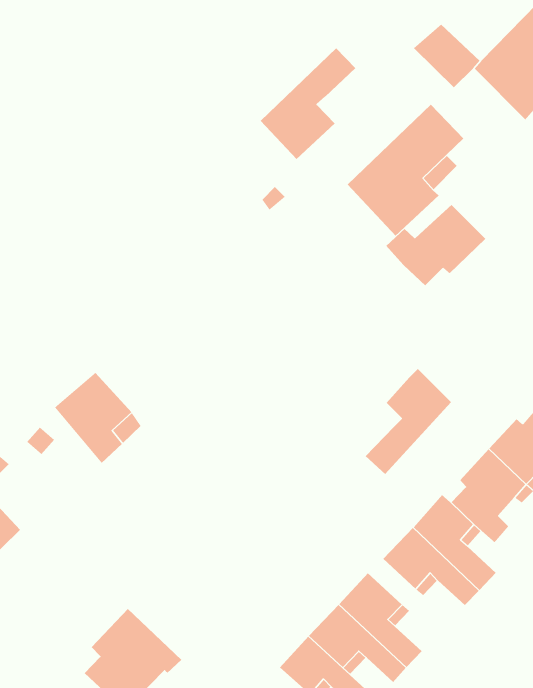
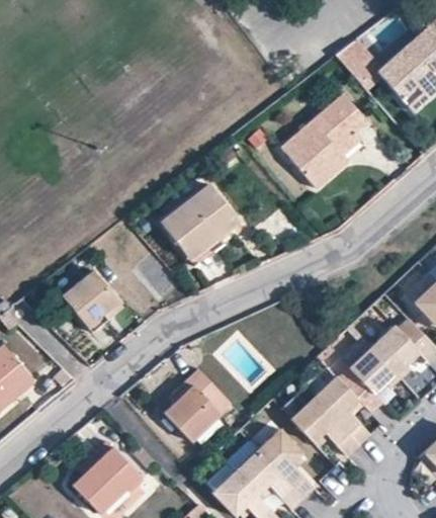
building: [260,48,356,160] -> none
building: [385,204,486,286] -> none
building: none -> [161,184,238,257]
building: [365,368,452,475] -> none
building: none -> [166,369,232,440]

